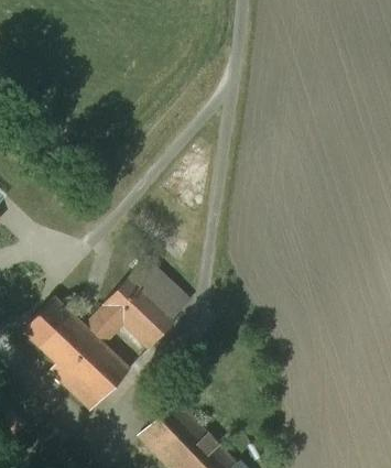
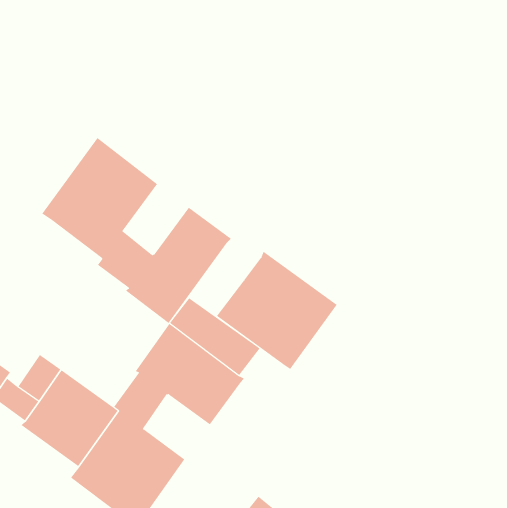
building: none -> [41,137,232,324]
building: none -> [216,251,338,370]

